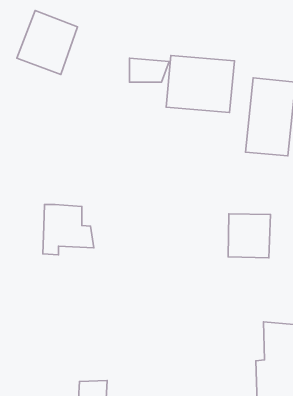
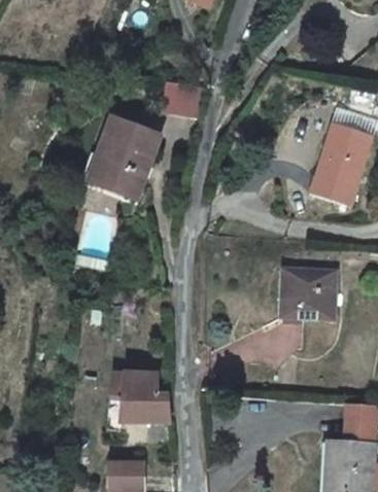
building: [17,10,77,74] -> [85,118,158,195]
building: [166,55,235,113] -> none
building: [43,205,94,255] -> [112,372,173,431]

